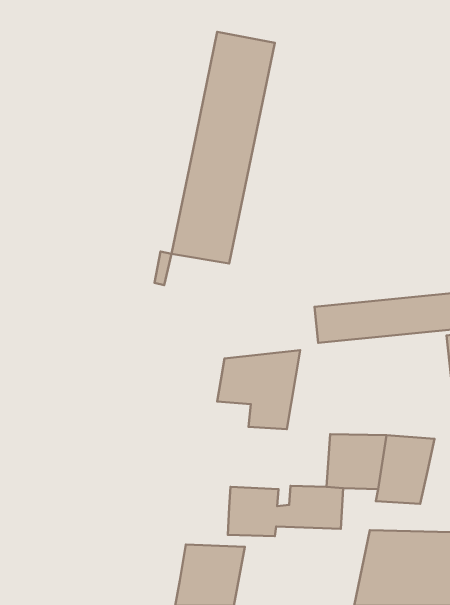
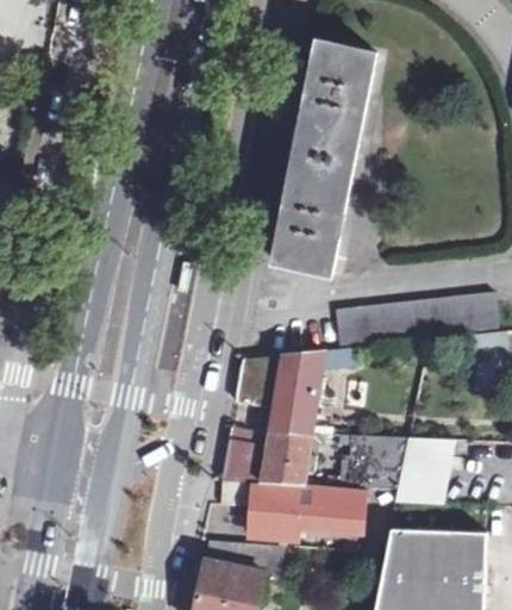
building: [171,32,275,264] -> [274,43,376,273]
building: none -> [224,427,308,485]

